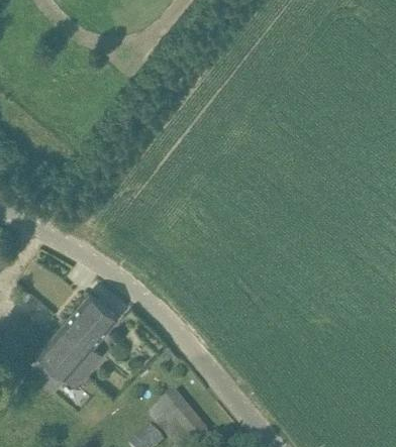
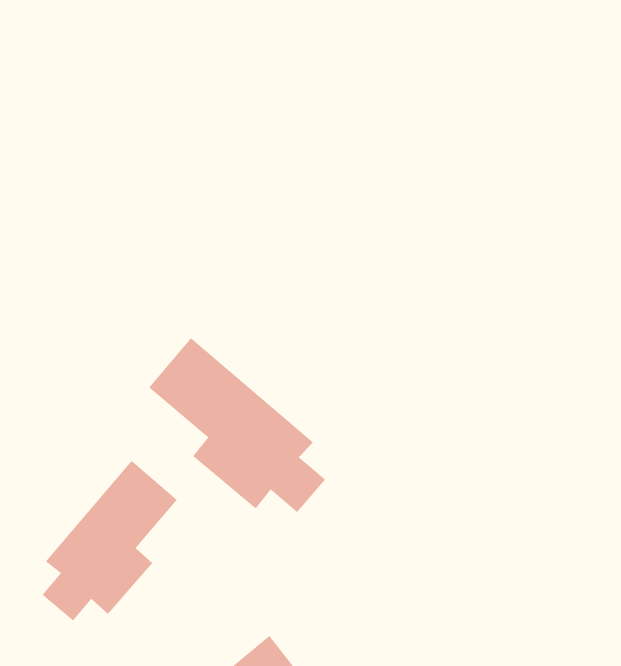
building: none -> [148,337,326,513]

